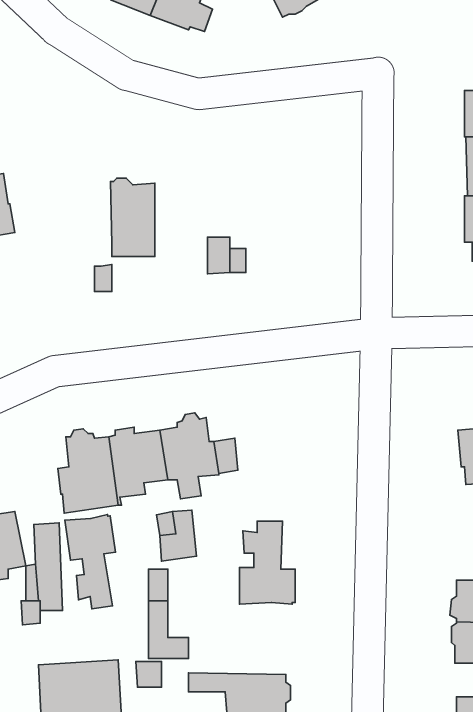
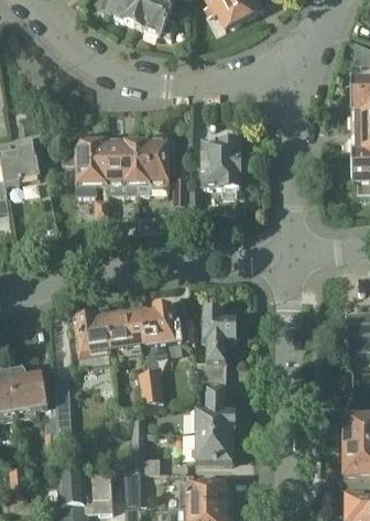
building: none -> [203,137,240,195]
building: none -> [63,138,108,194]
building: none -> [138,138,168,193]
building: none -> [197,306,238,383]
building: [65,514,115,609] -> none
building: none -> [196,432,235,462]

